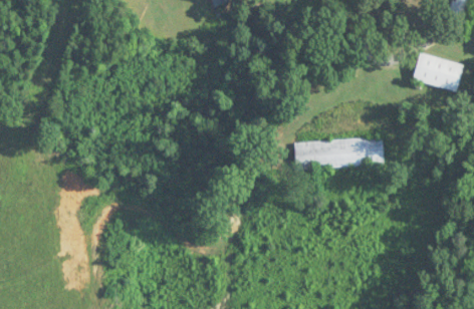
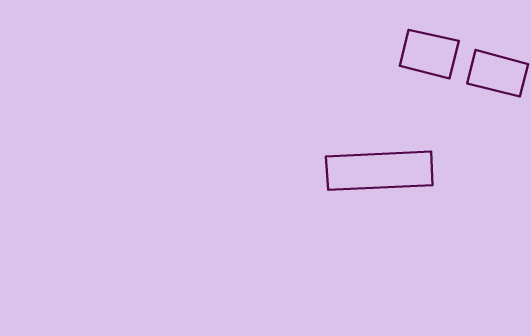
building: none -> [400,30,459,78]

